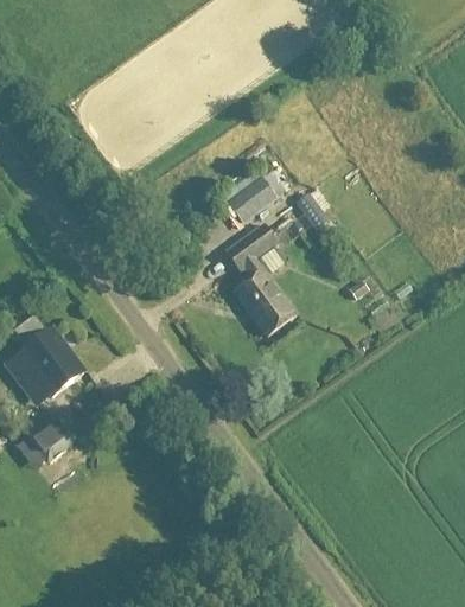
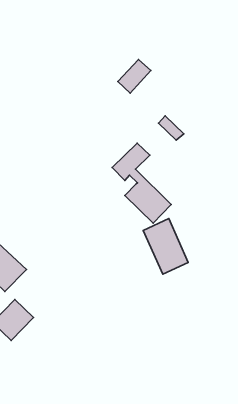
building: [227,178,274,222] -> [118,59,151,93]
building: none -> [143,218,188,274]

